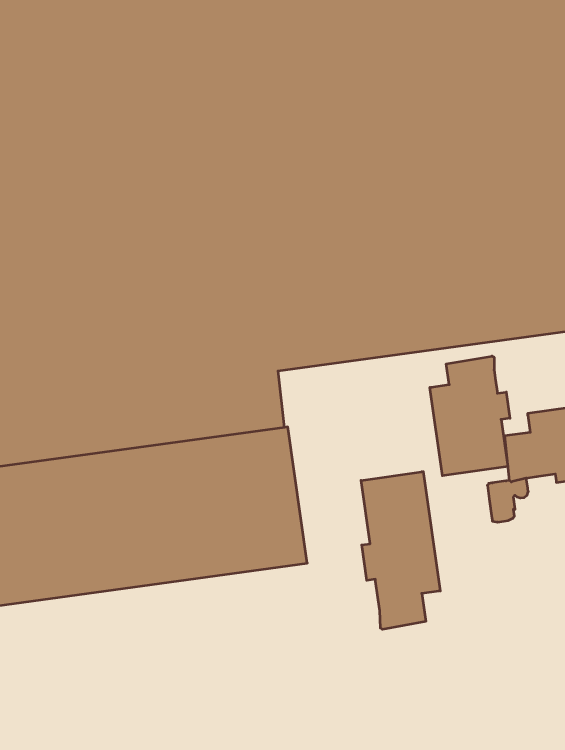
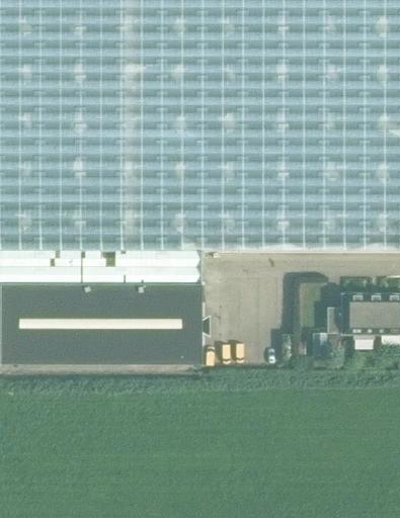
building: [430,356,510,476] -> none
building: [361,472,440,629] -> none

